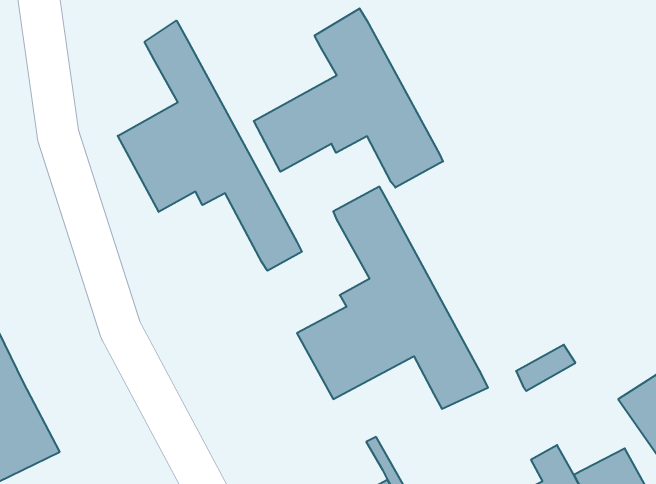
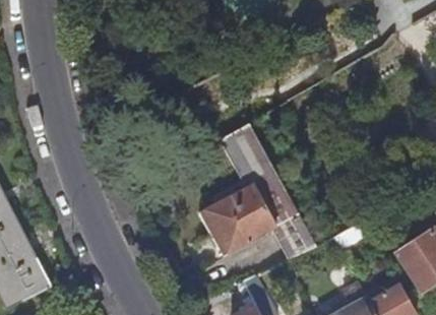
building: [254,8,443,188] -> none
building: [118,21,302,271] -> none

